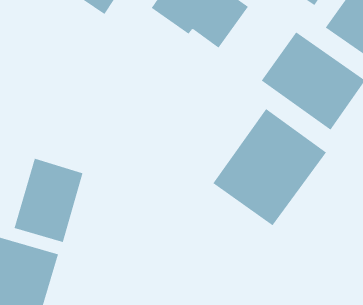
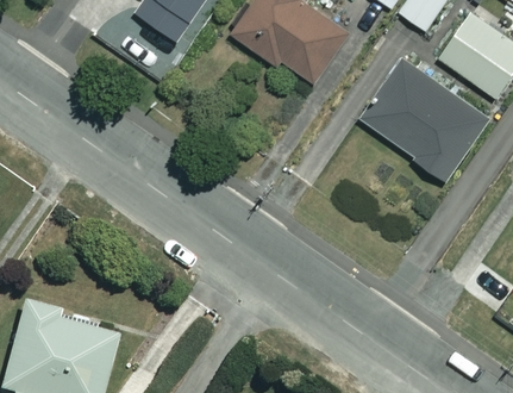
building: [212,108,327,226] -> none
building: [14,158,83,243] -> none

